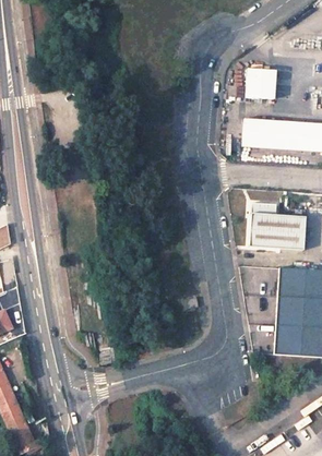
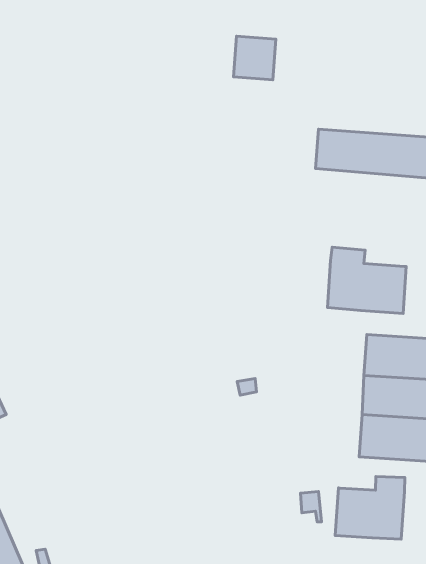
building: [245,68,275,99] -> [233,36,276,80]
building: none -> [335,476,405,539]

